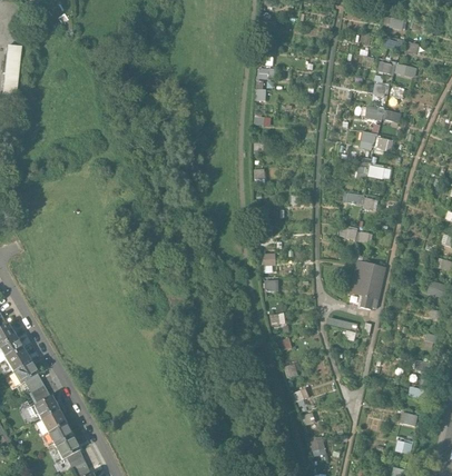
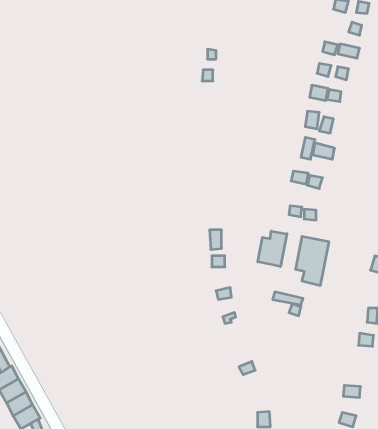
building: none -> [258,231,287,267]

